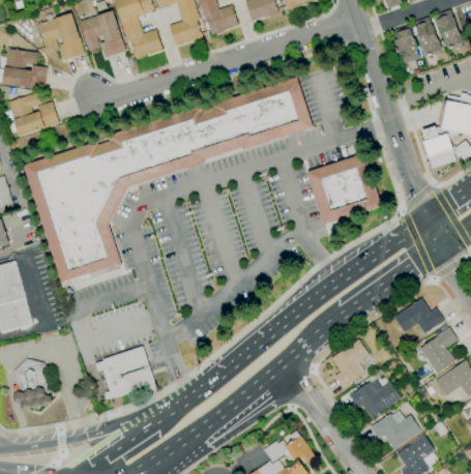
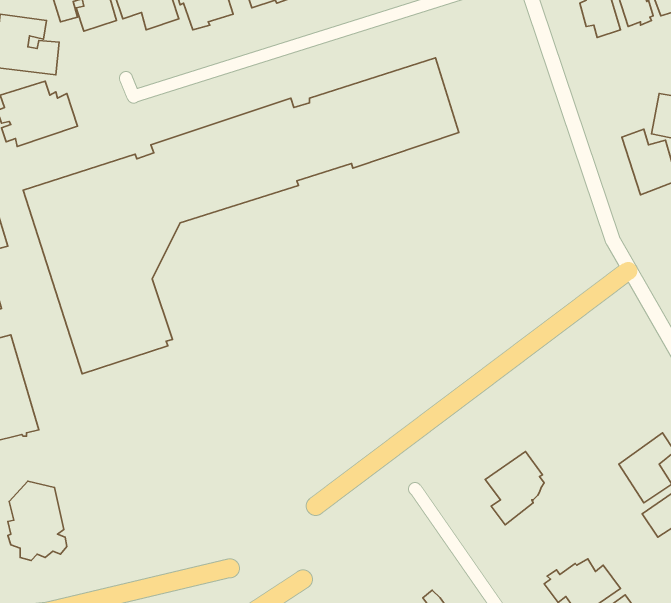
building: [306,153,382,225] -> none
building: [393,298,444,333] -> none
building: [94,347,156,399] -> none
building: [348,380,401,419] -> none

